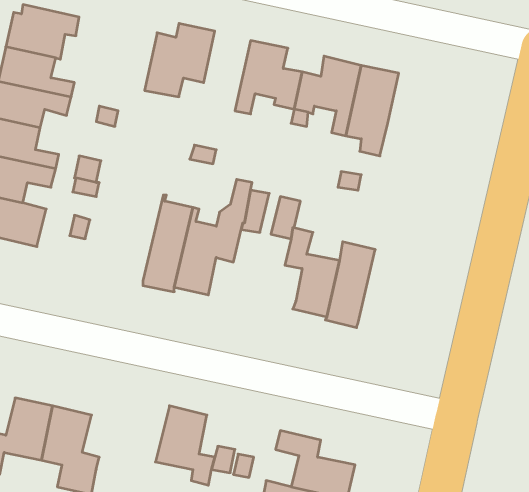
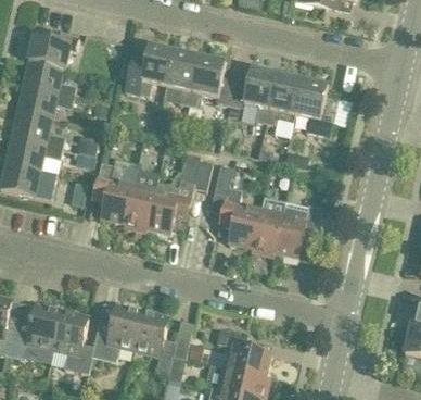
building: none -> [166,50,199,105]
building: none -> [294,79,339,137]
building: none -> [94,160,138,224]
building: none -> [273,202,322,259]
building: none -> [91,305,142,362]

